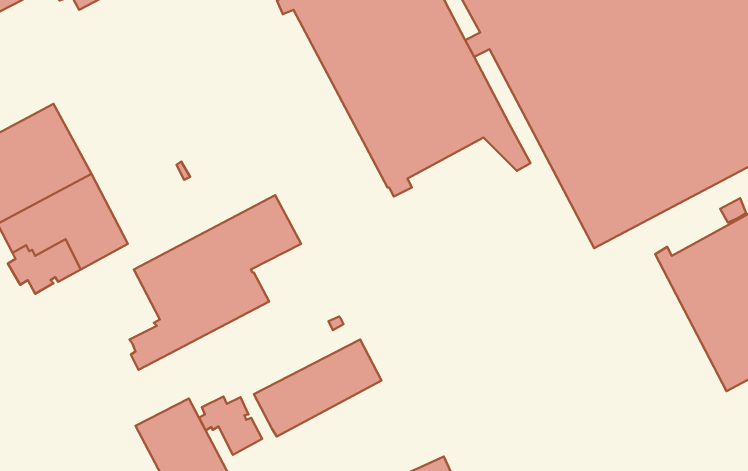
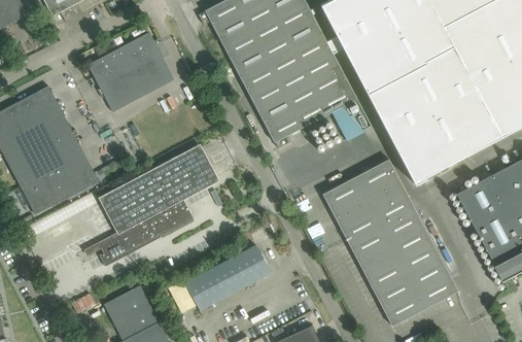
building: none -> [88,32,174,112]
building: none -> [322,159,458,326]
building: [199,397,262,455] -> none

